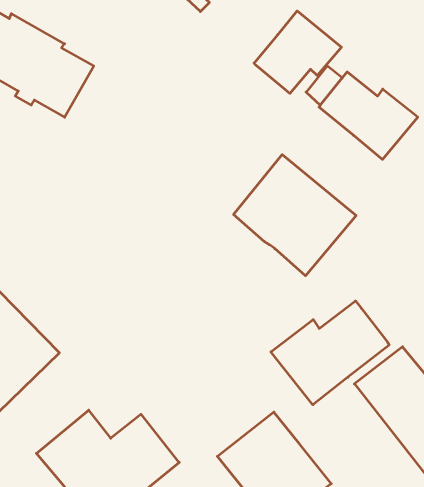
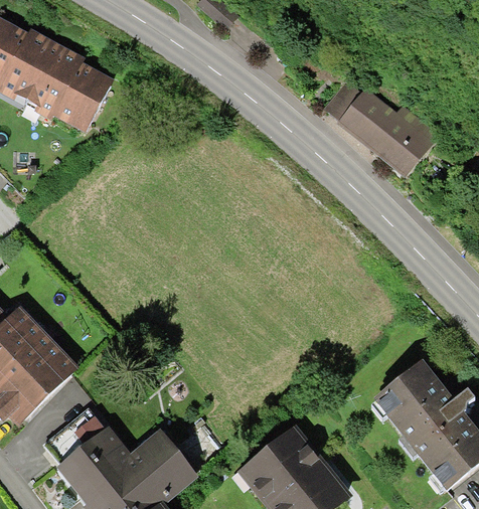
building: [254,11,341,93] -> none
building: [234,155,356,276] -> none
building: [271,301,389,405] -> none

